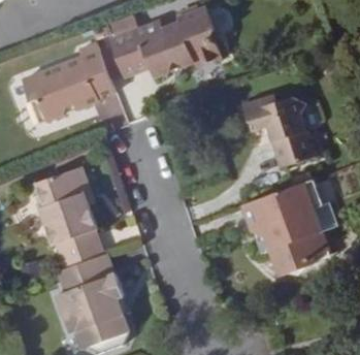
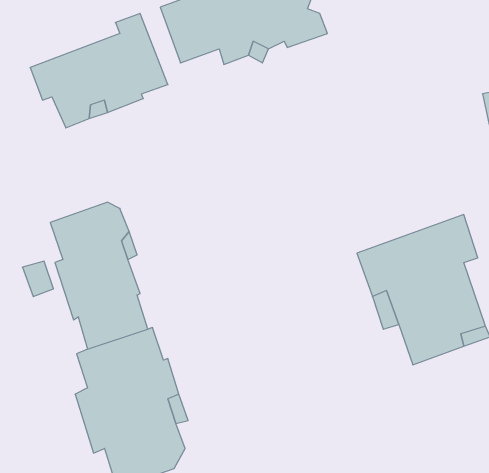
building: [242,96,318,168] -> none

